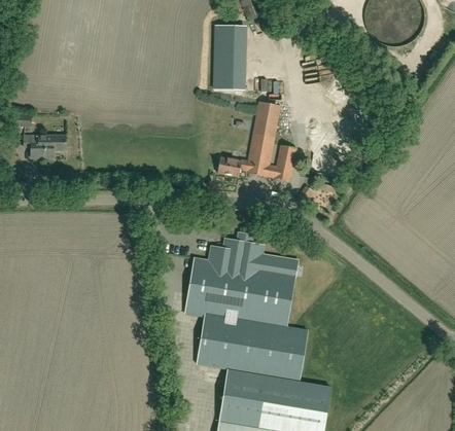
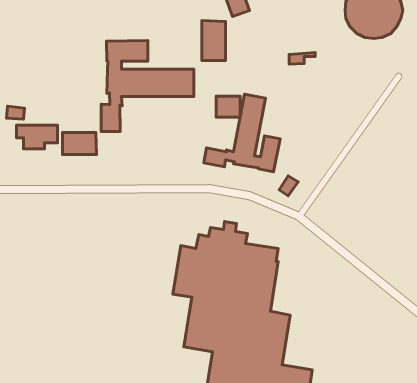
building: none -> [101,40,194,132]
building: [215,67,240,88] -> [216,96,240,117]
building: none -> [62,133,97,155]

